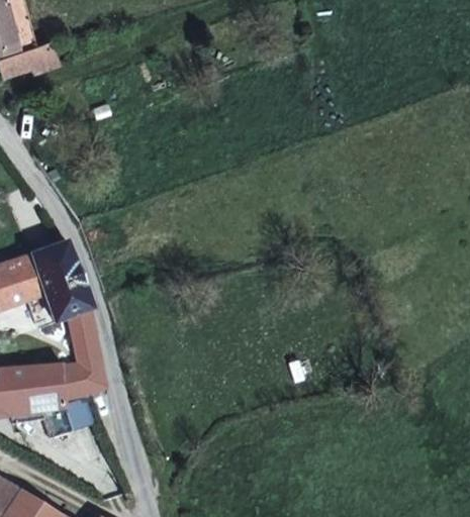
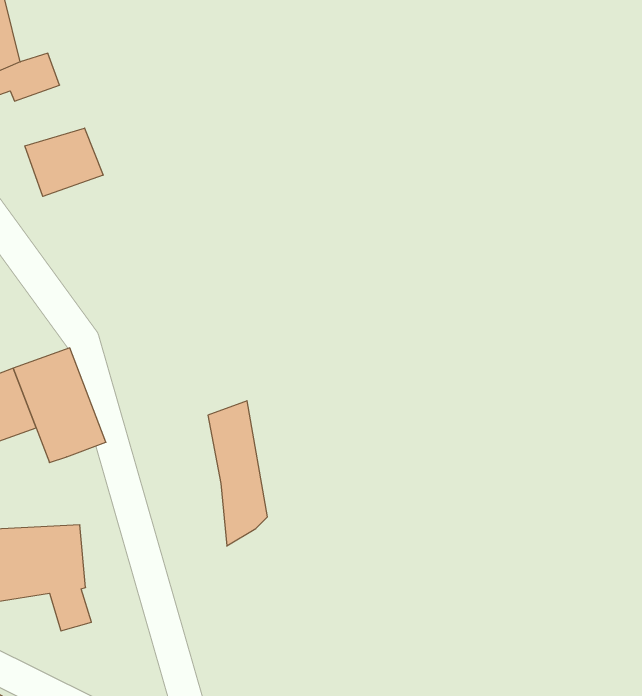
building: none -> [25,128,103,196]
building: [61,308,102,409] -> [208,401,267,546]

